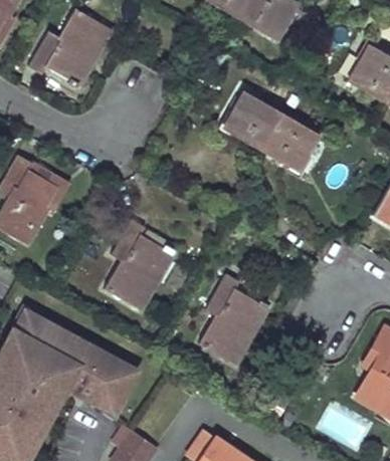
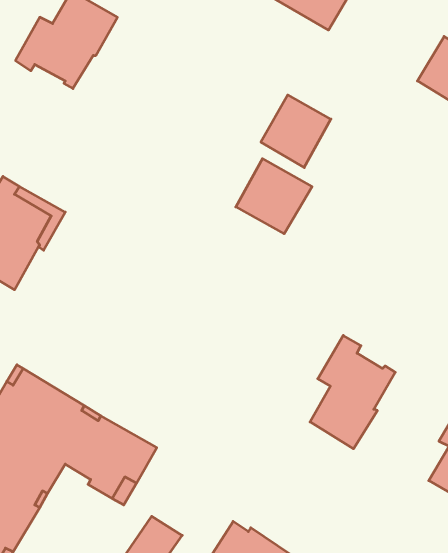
building: [257,111,318,171] -> [236,159,312,234]
building: [108,222,173,310] -> none
building: [200,275,267,365] -> [310,335,395,449]

